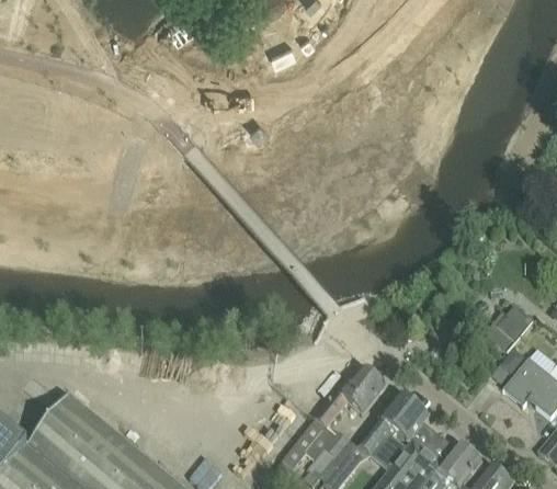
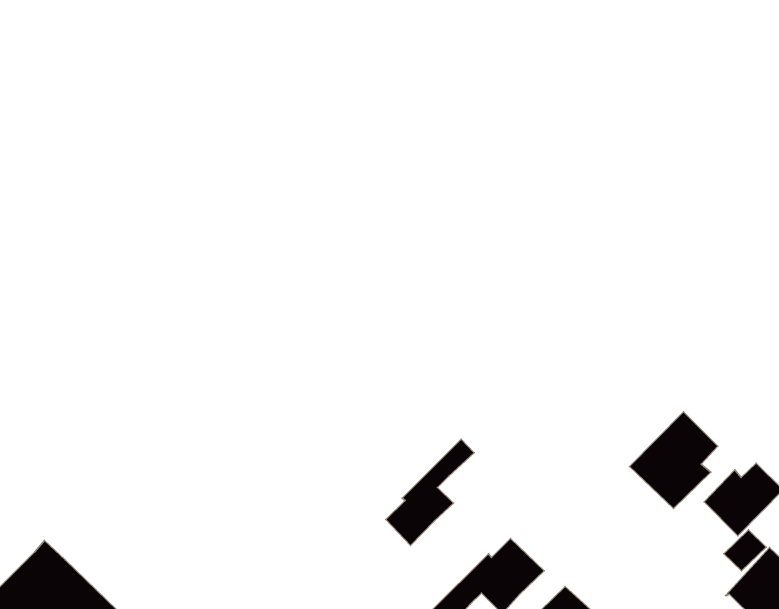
building: none -> [630,412,718,509]
building: none -> [386,439,474,545]

